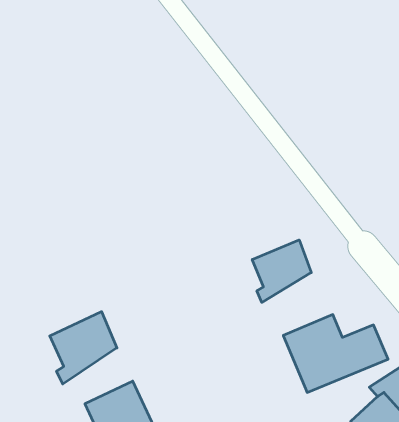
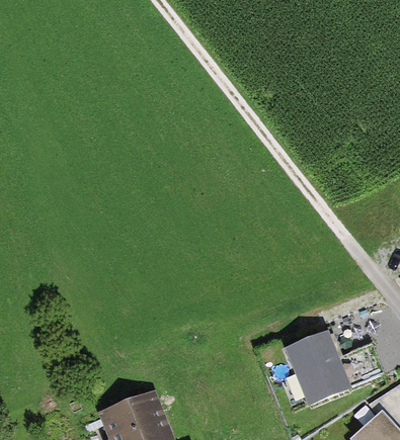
building: [252,240,311,302] -> none
building: [50,312,117,384] -> none

